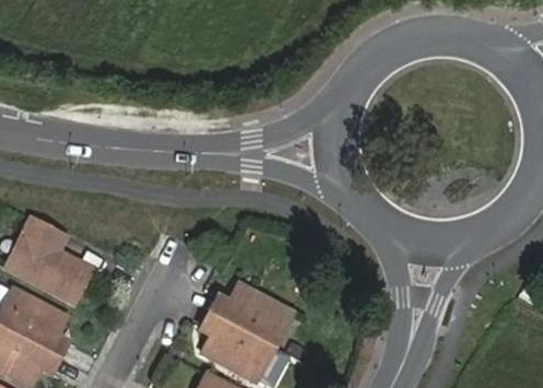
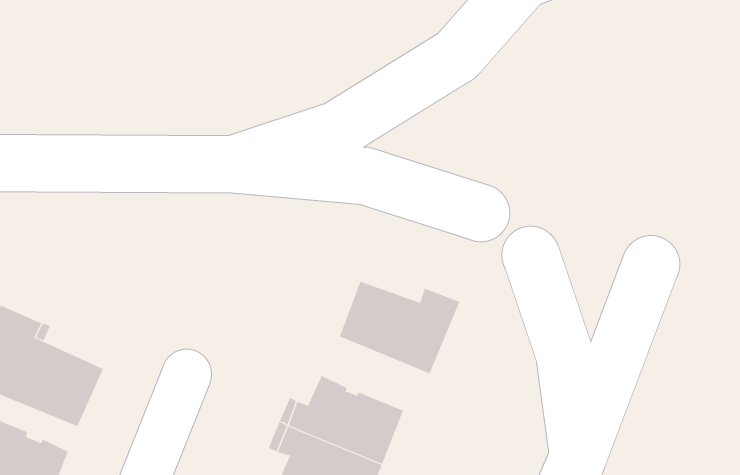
building: none -> [339,281,460,374]

